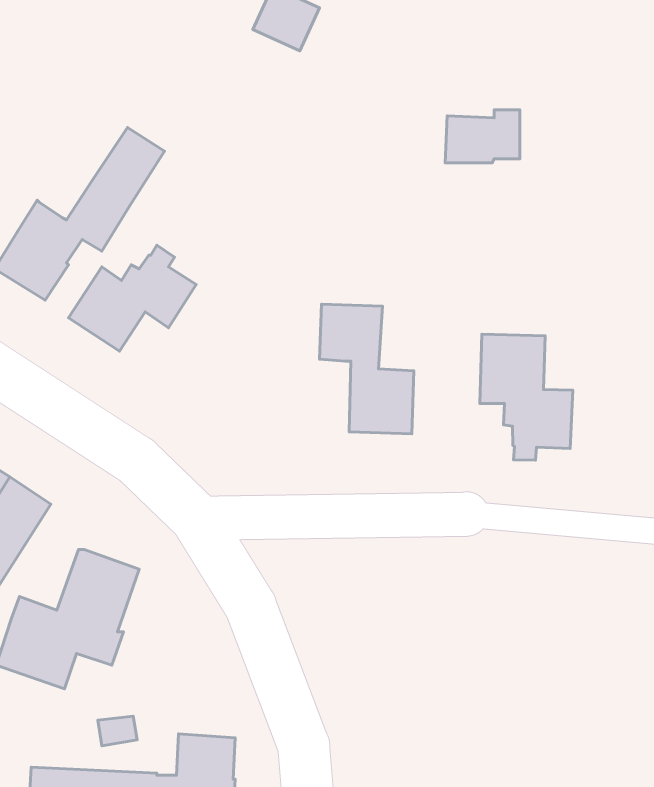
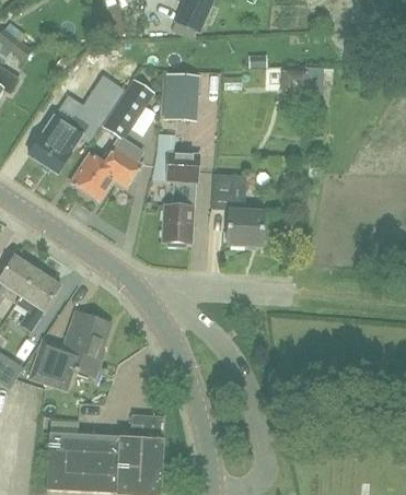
building: none -> [163,73,197,119]
building: none -> [102,78,154,140]
building: none -> [162,150,197,245]
building: [480,334,573,460] -> none

